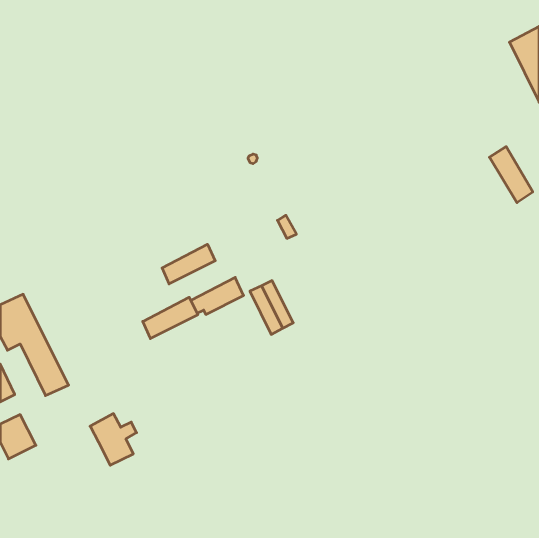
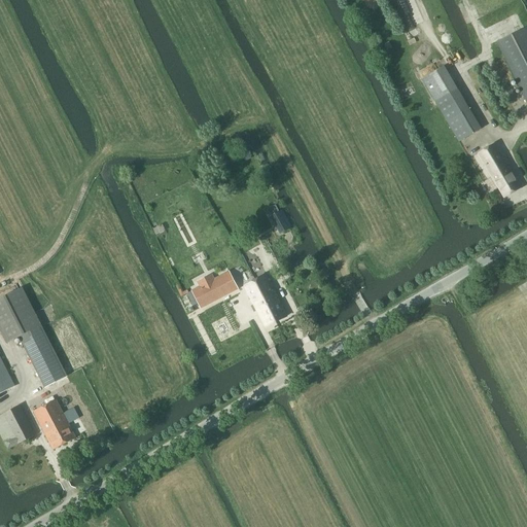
building: none -> [421,65,481,141]
building: [162,244,215,284] -> none
building: [143,297,198,339] -> none
building: [90,414,137,465] -> [33,398,78,449]

